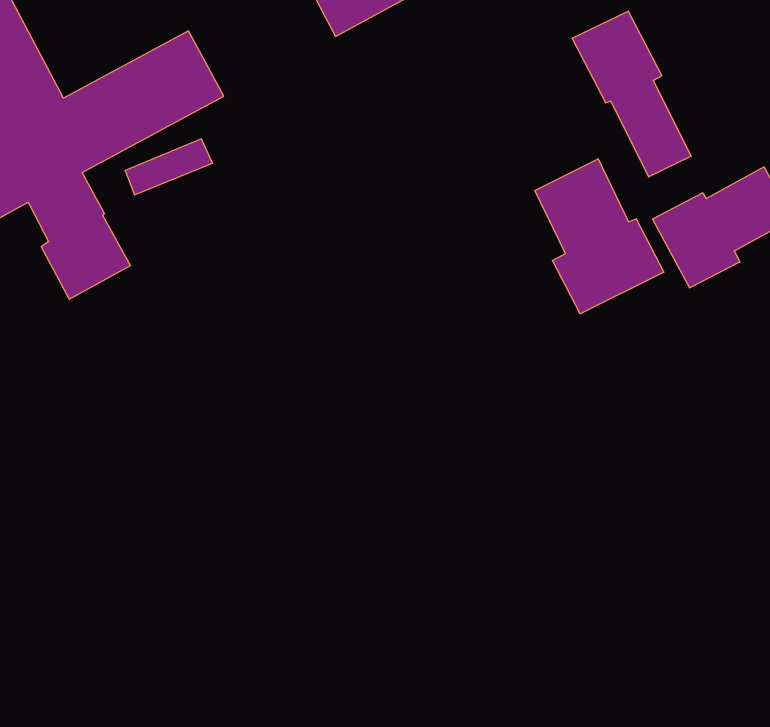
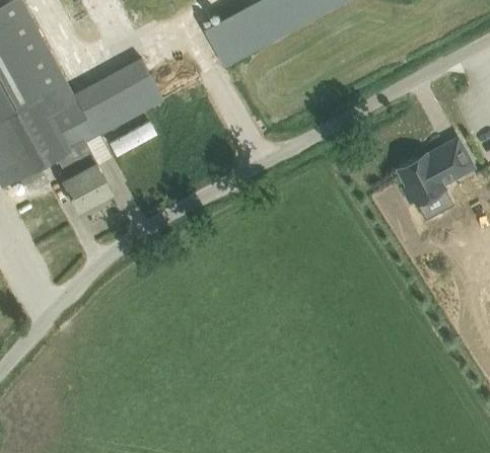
building: [572,11,691,177] -> none
building: [535,159,664,314] -> none

